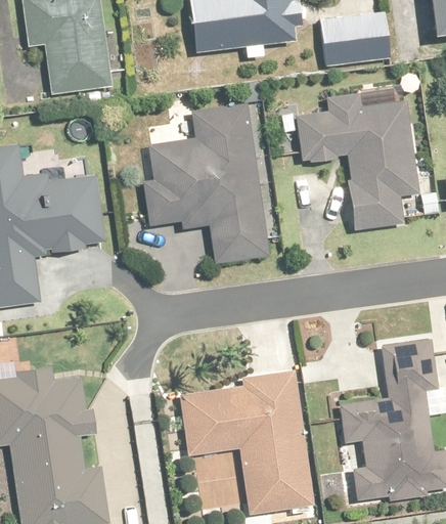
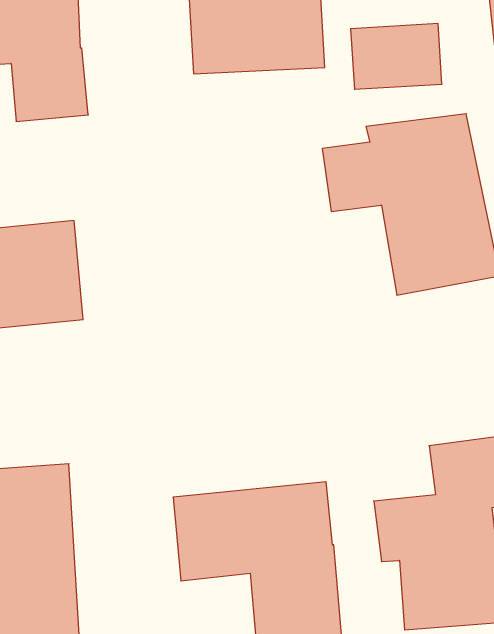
building: [124,105,261,267] -> none

